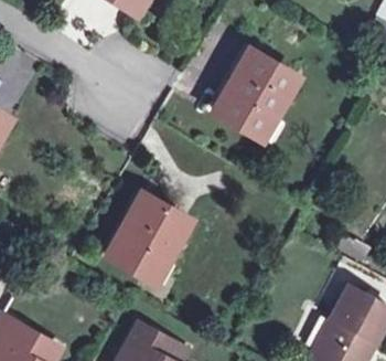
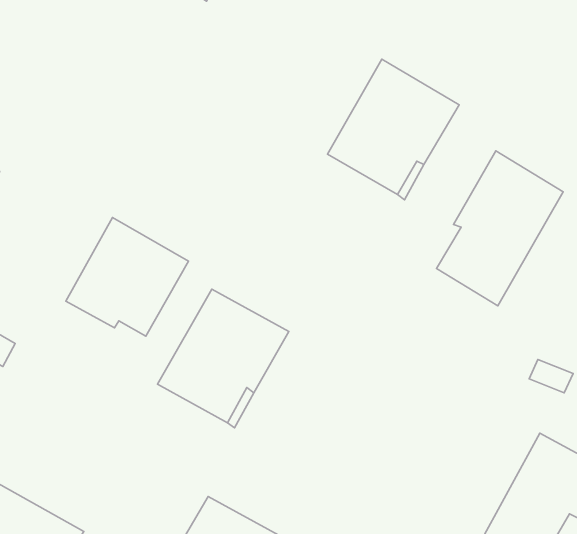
building: none -> [437,151,563,306]
building: none -> [66,218,189,336]

